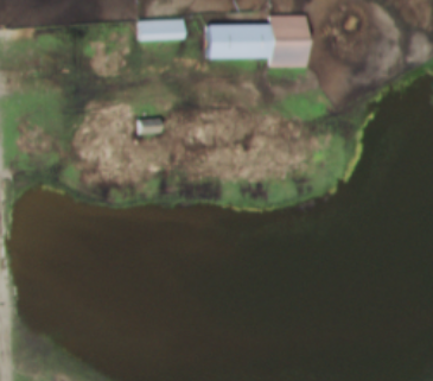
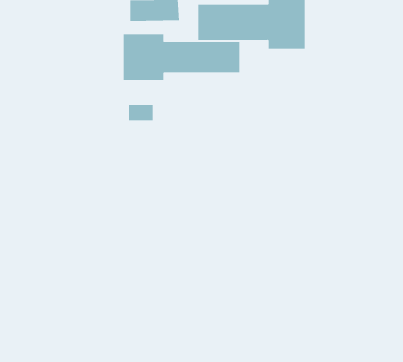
building: none -> [123,34,240,81]

